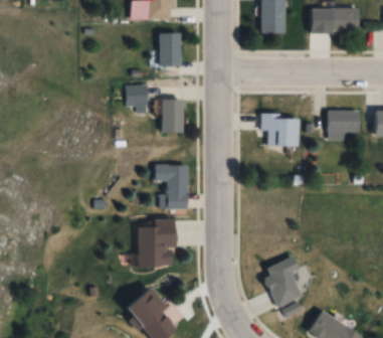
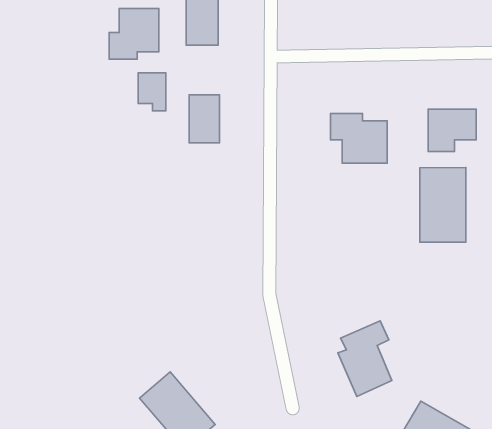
building: none -> [109,9,159,59]
building: none -> [420,168,466,242]
building: [155,165,188,209] -> none
building: [138,219,175,268] -> none

